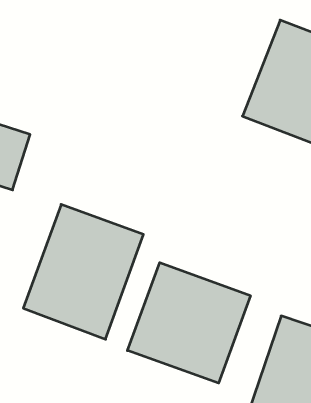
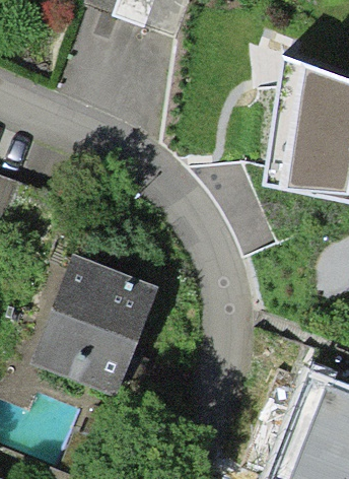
building: [127,263,250,383] -> none

